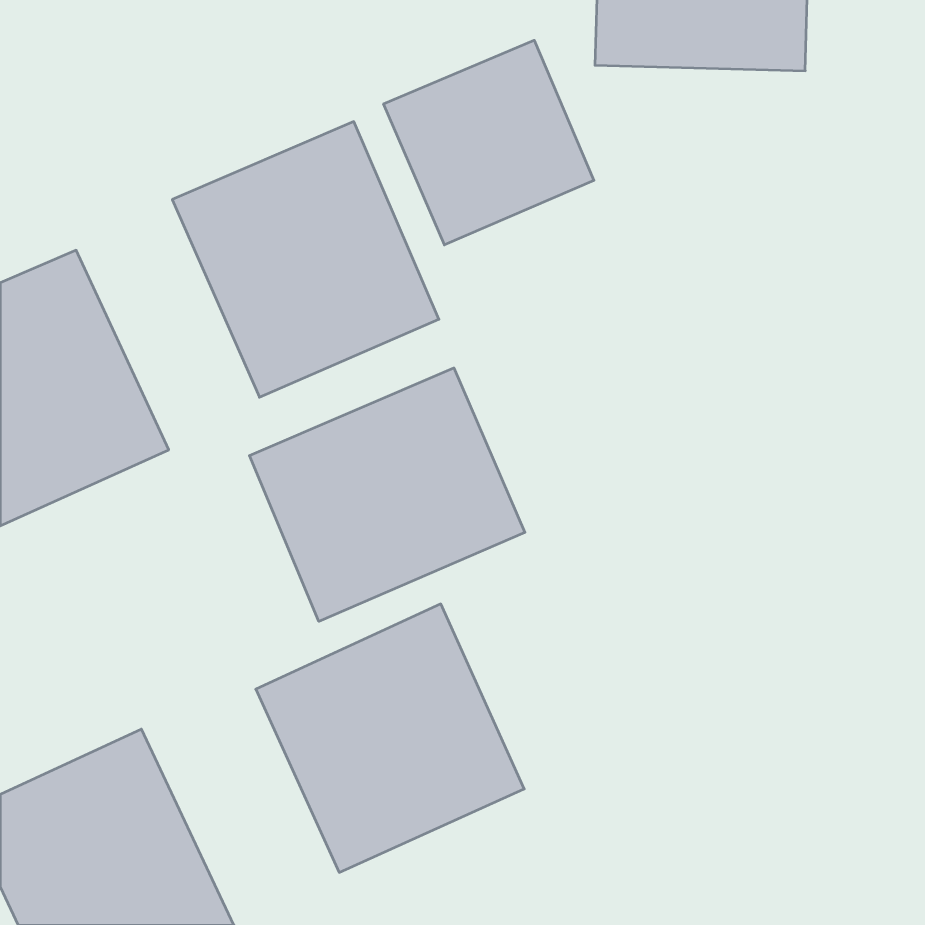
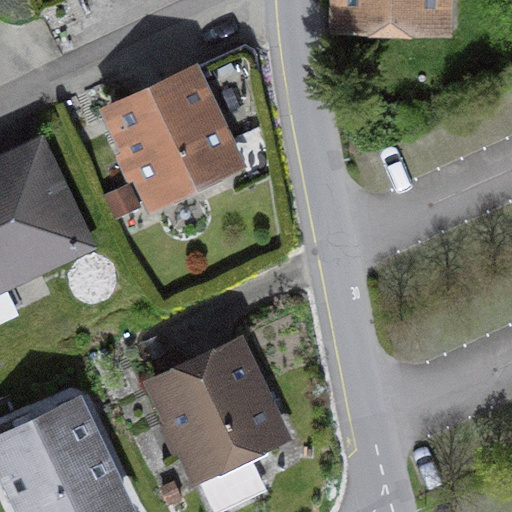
building: [384,40,594,245] -> none
building: [249,368,525,621] -> none

